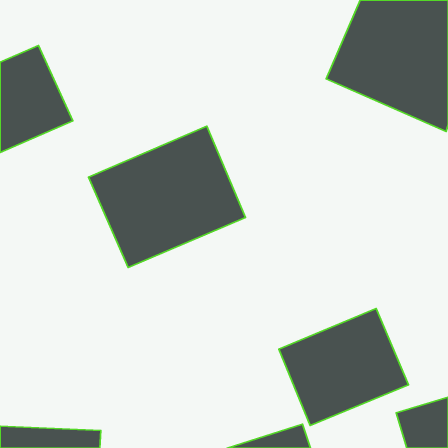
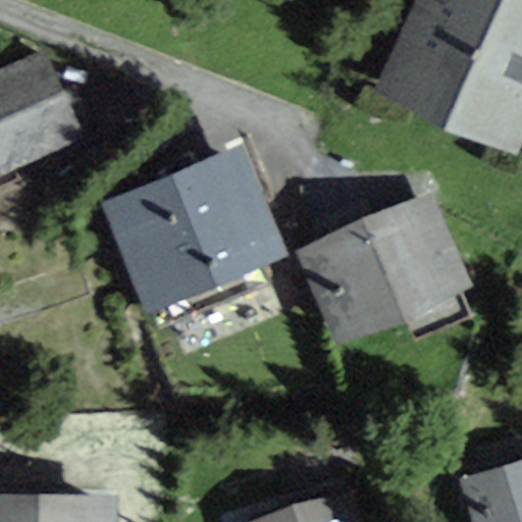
building: none -> [298,198,472,349]
building: [279,308,408,426] -> none

